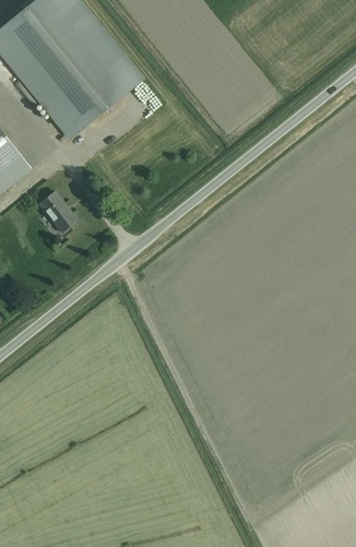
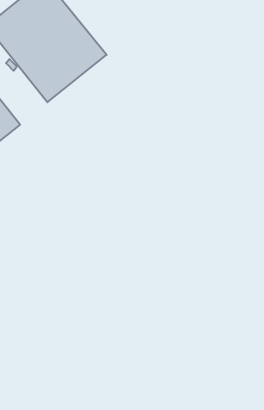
building: [39,191,78,231] -> none

